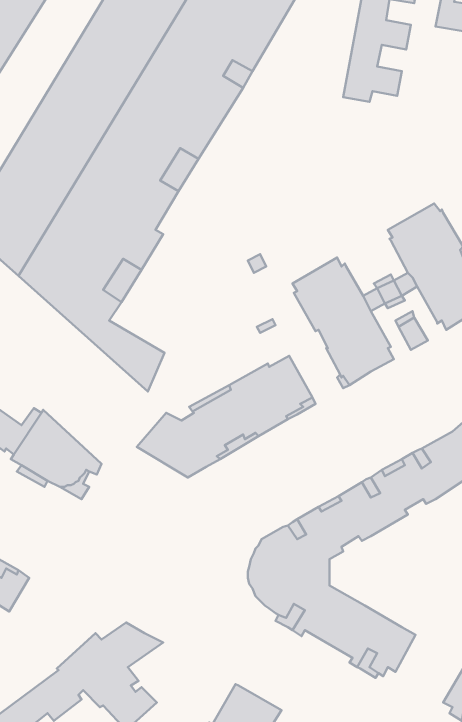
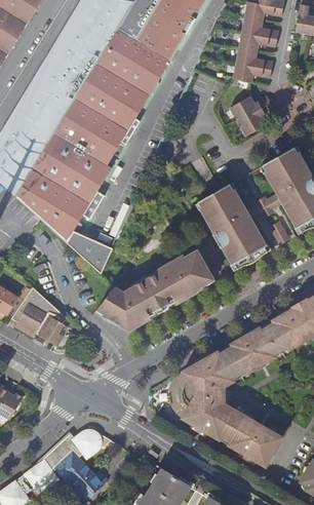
building: none -> [229,96,274,137]

